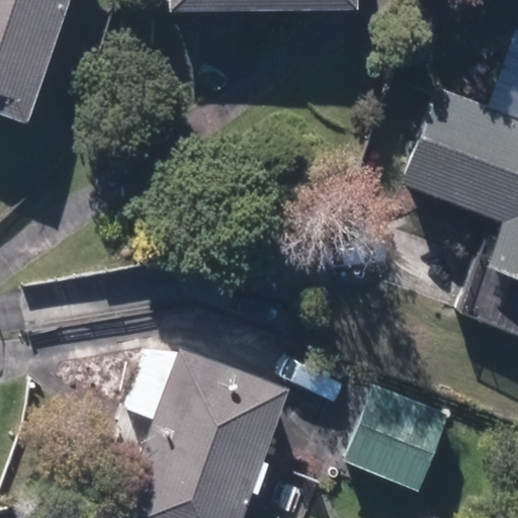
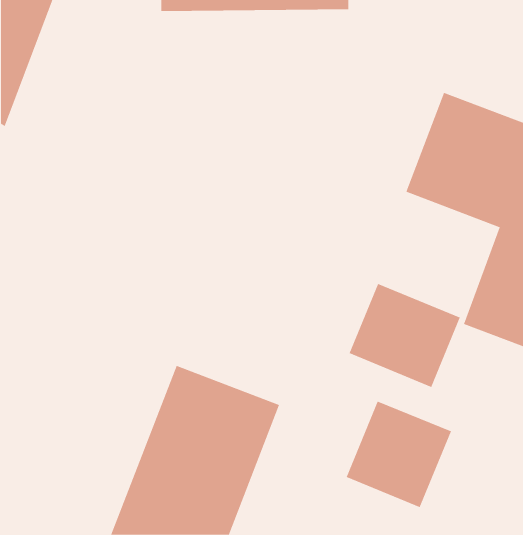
building: none -> [349,283,460,388]

